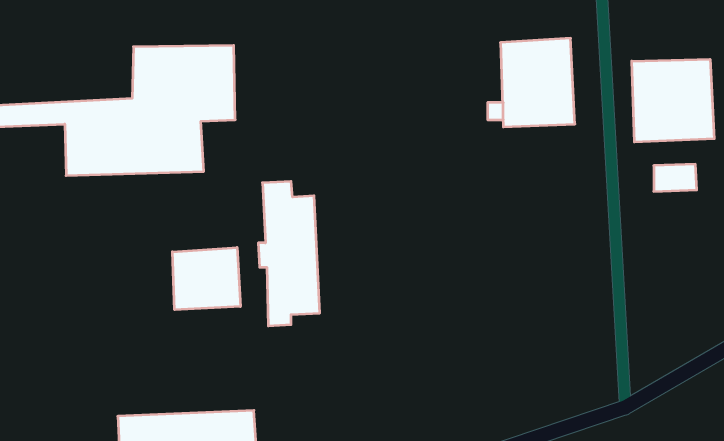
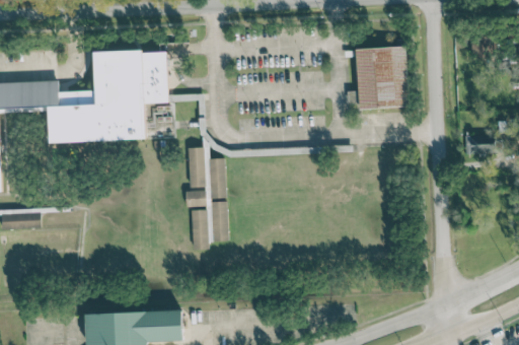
building: [632,59,714,142] -> none
building: [172,247,240,310] -> none

